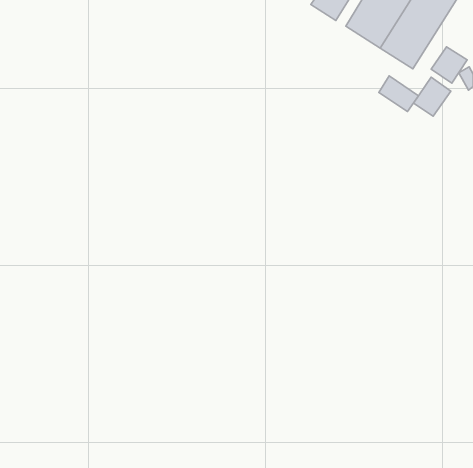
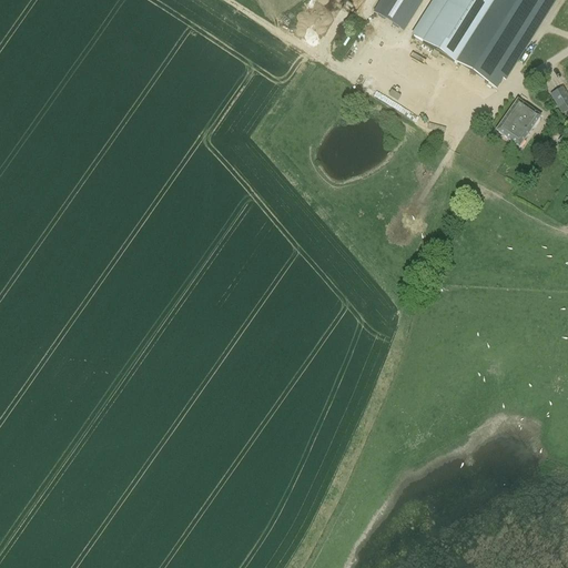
building: [431,47,467,83] -> none
building: [379,76,419,112] -> none

